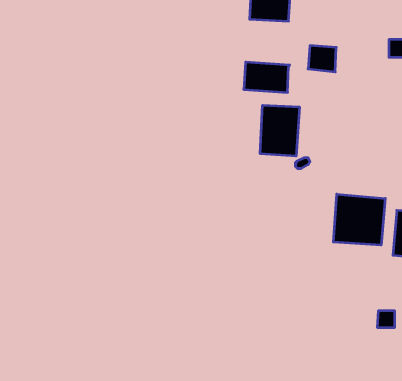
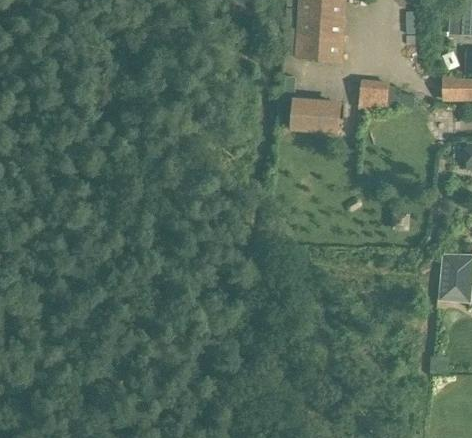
building: [260,105,299,156] -> none
building: [333,194,385,245] -> none

